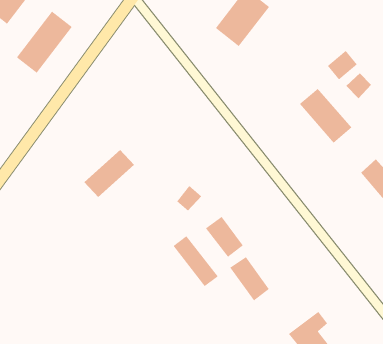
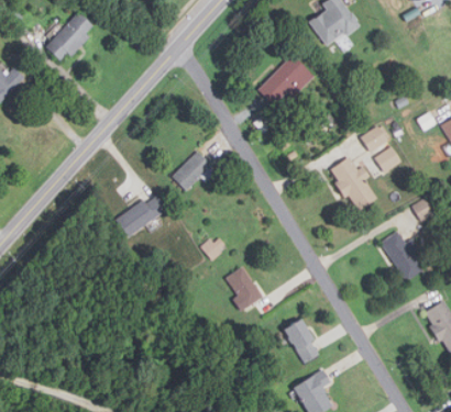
building: [16,11,73,74] -> none
building: none -> [172,152,211,191]
building: [172,235,219,287] -> none
building: [229,256,270,302] -> [284,320,320,364]

